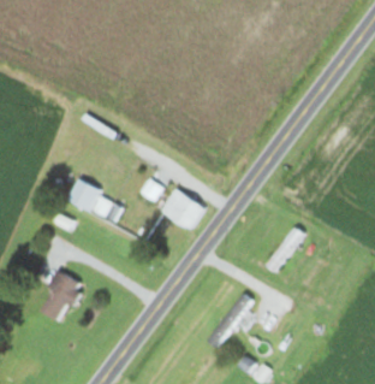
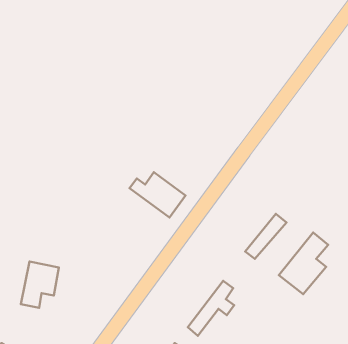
building: [69,179,121,221] -> none
building: none -> [279,233,328,294]

